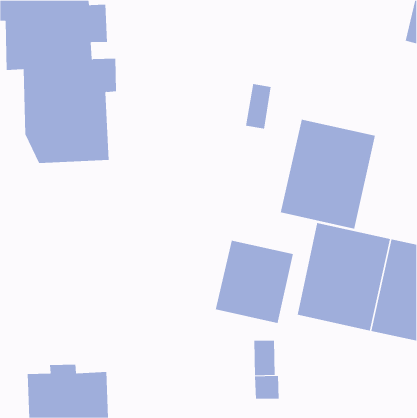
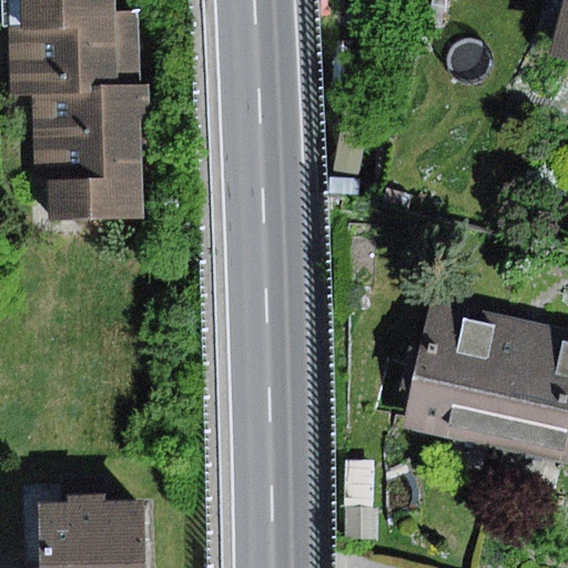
building: [280,119,375,229] -> none
building: [215,240,294,324] -> none

